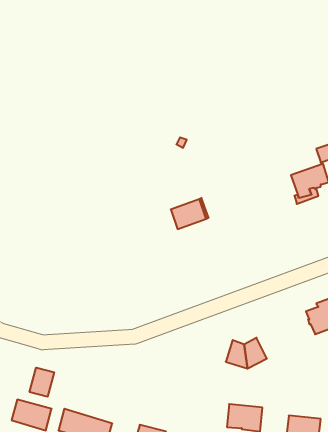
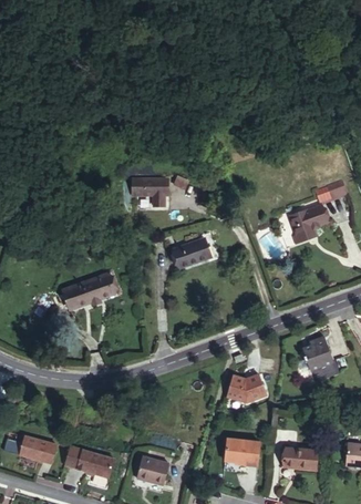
building: none -> [133,182,167,207]
building: none -> [62,276,114,310]
building: [30,368,54,397] -> none

